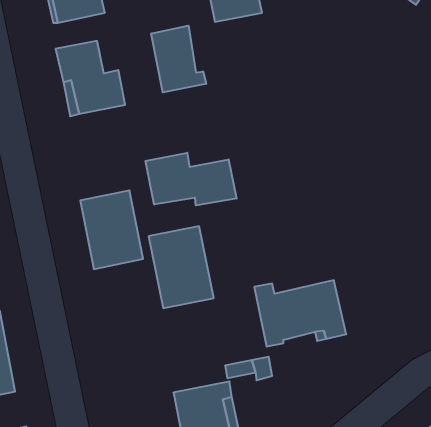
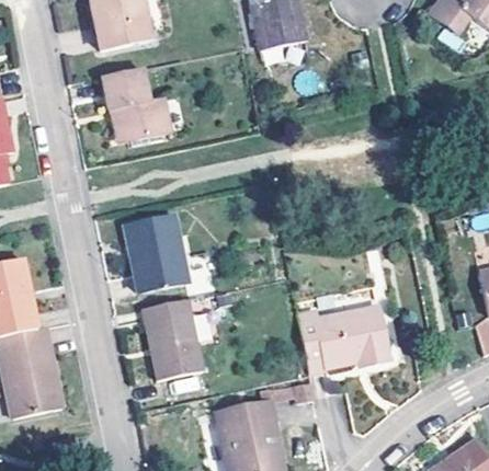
building: [151,26,206,92] -> none
building: [146,153,237,205] -> none
building: [149,226,214,308] -> [141,297,205,377]

